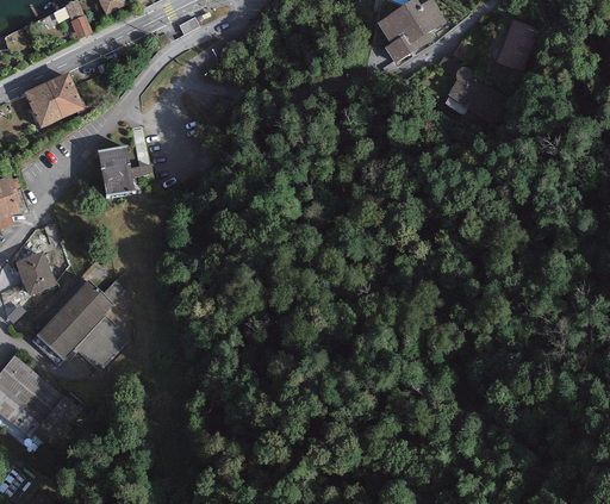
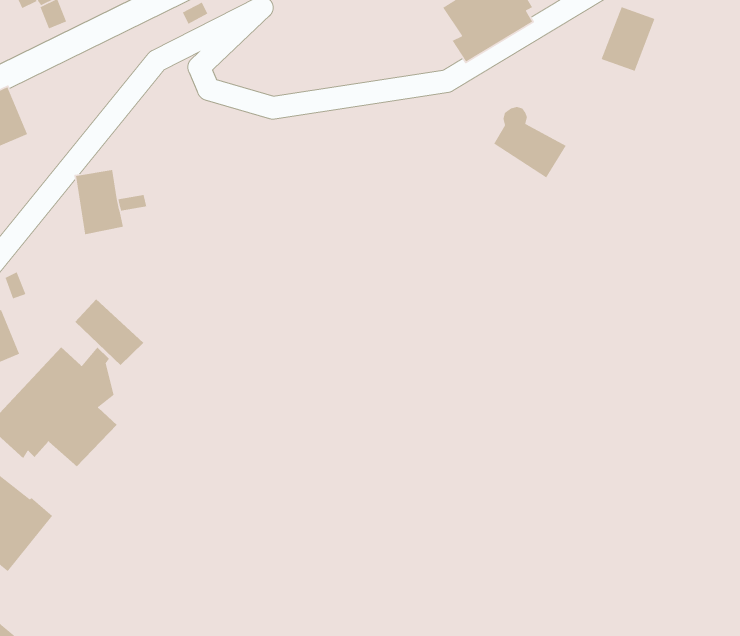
building: [448,66,504,120] -> [493,106,567,178]
building: [46,71,83,118] -> none
building: none -> [74,298,144,366]

